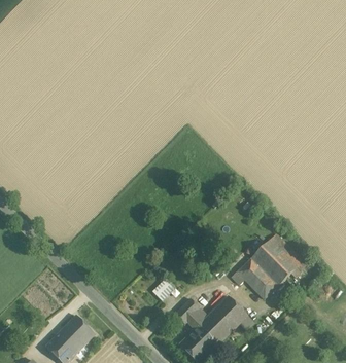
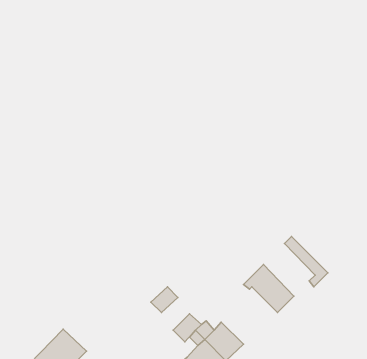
building: [250,240,296,286] -> none
building: [213,295,253,331] -> none

